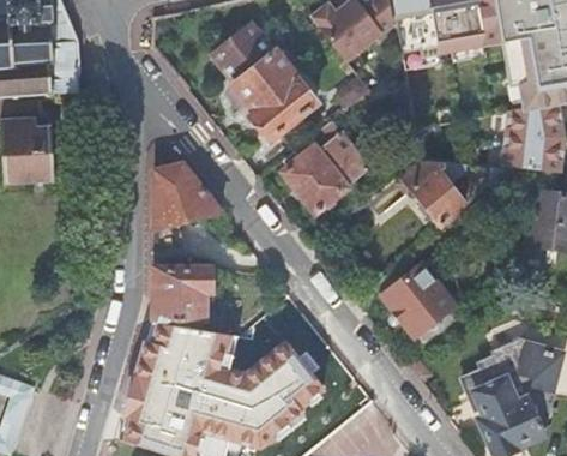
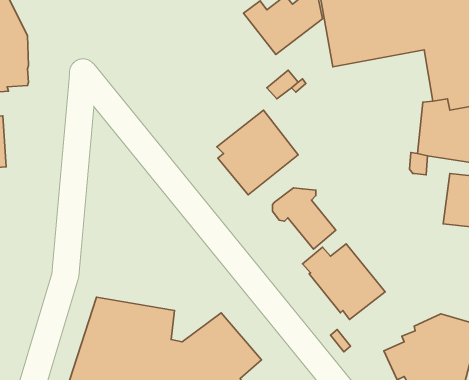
building: [212,23,316,139] -> none
building: [397,158,465,224] -> [272,188,336,249]
building: [152,161,223,322] -> none

